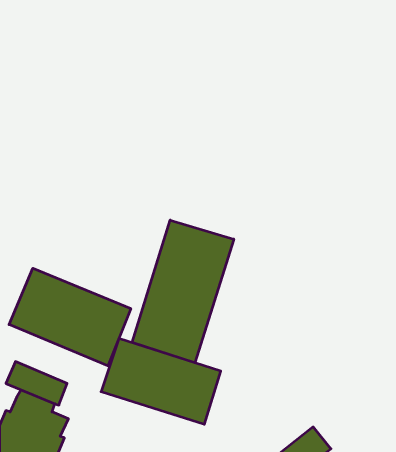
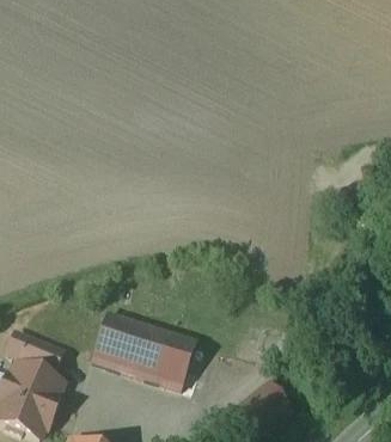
building: [132,220,234,363] -> none
building: [9,268,131,366] -> none

